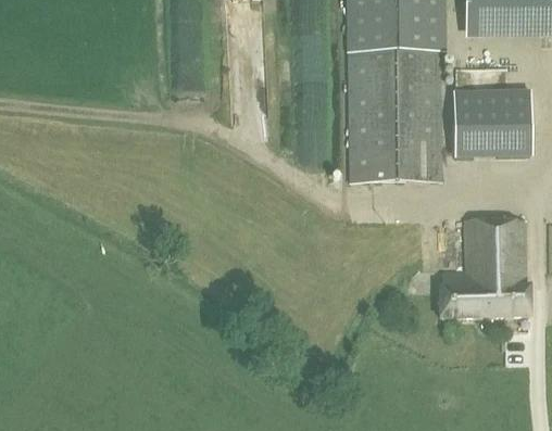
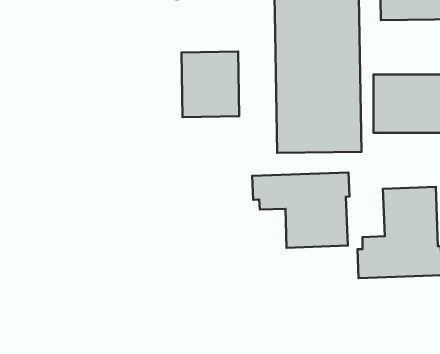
building: none -> [181,52,239,117]
building: none -> [252,172,349,248]

